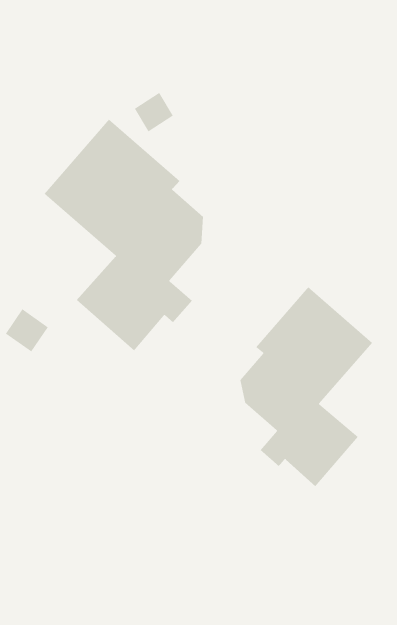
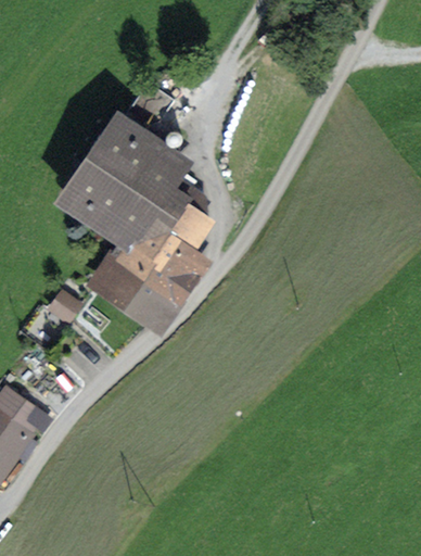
building: [240,286,373,487] -> none

